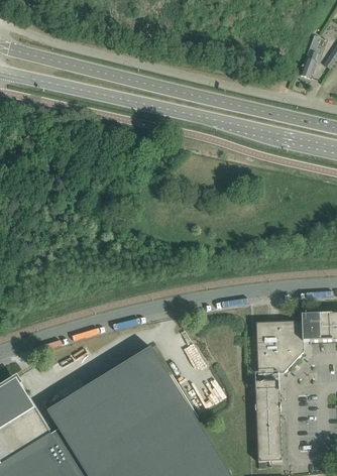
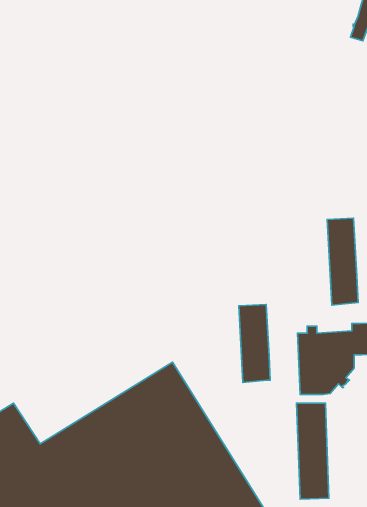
building: none -> [327,218,358,305]
building: none -> [239,305,270,382]

